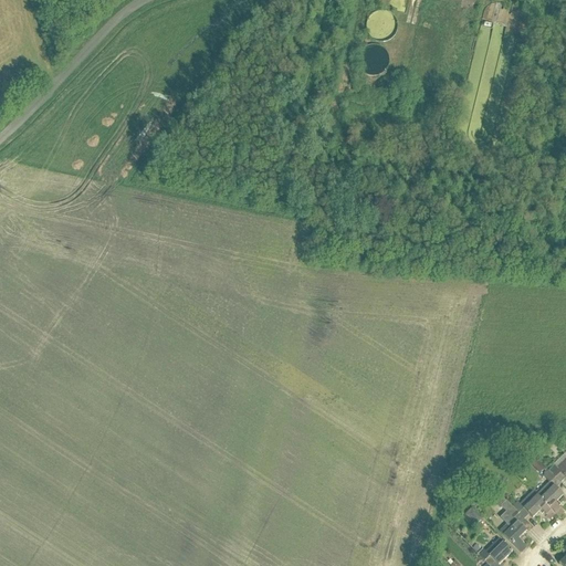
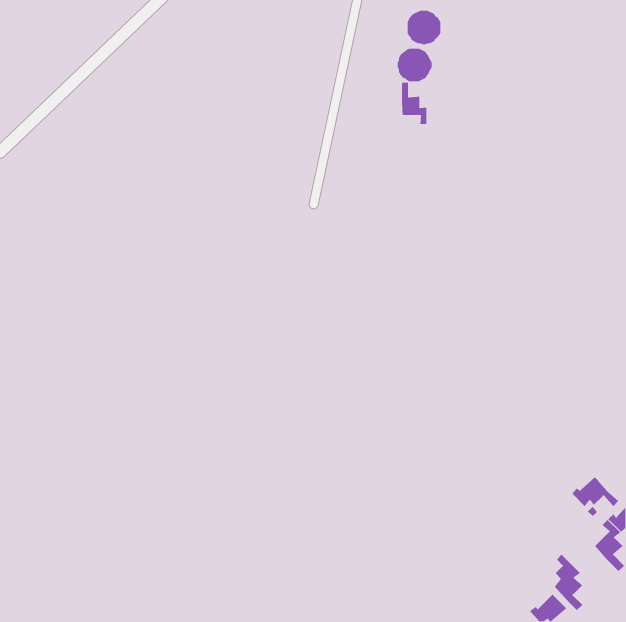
building: none -> [401,82,427,125]
building: [512,490,555,517] -> [572,477,619,507]

